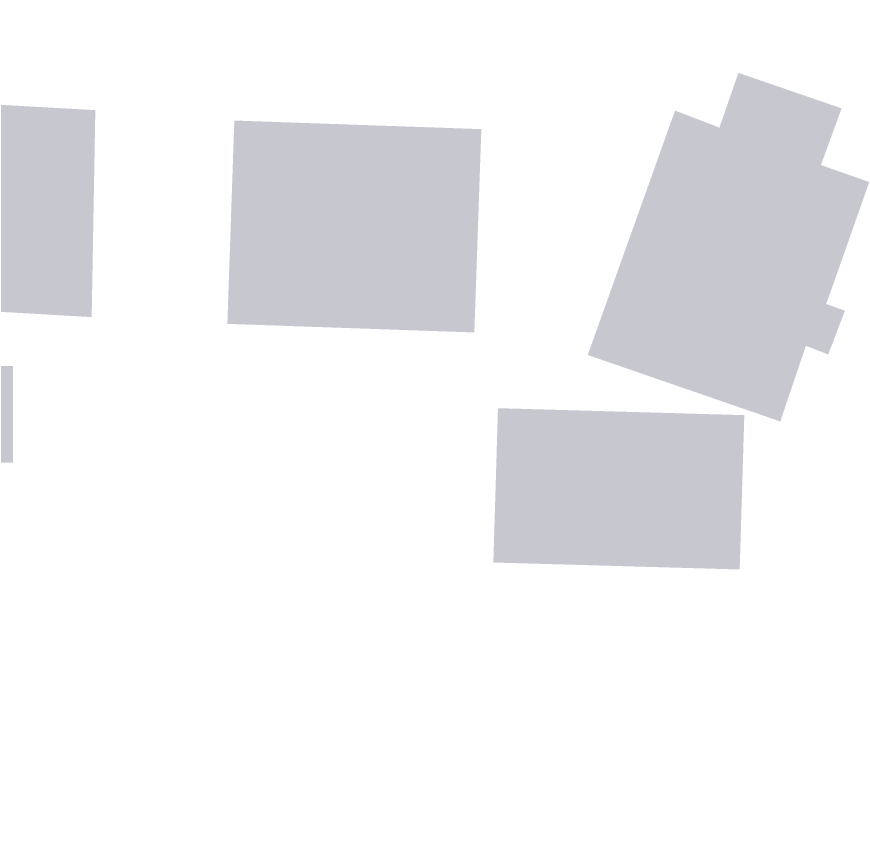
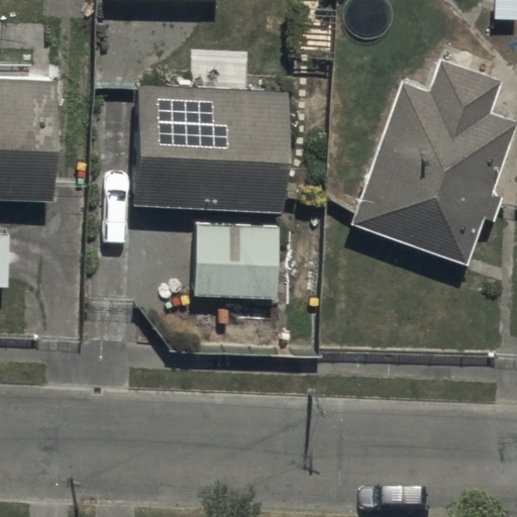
building: none -> [193,226,277,299]
building: [493,407,745,570] -> none

